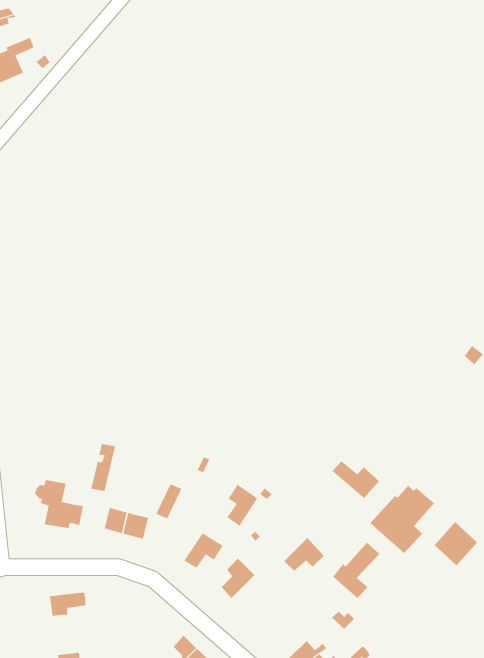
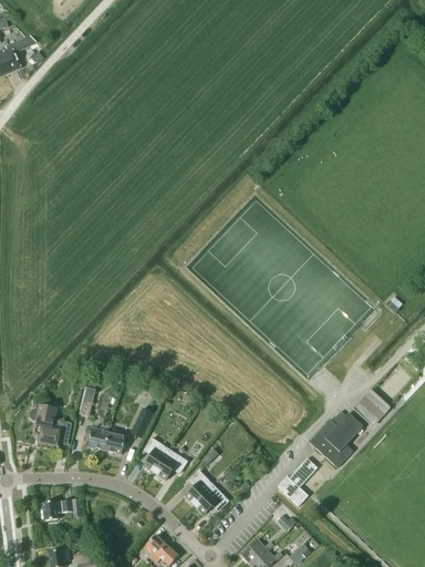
building: [331,460,380,499] -> none
building: [226,484,258,526] -> [143,437,169,473]
building: [434,521,478,566] -> [353,388,390,425]
building: [283,537,325,572] -> [194,485,228,514]

